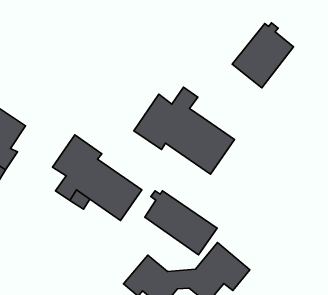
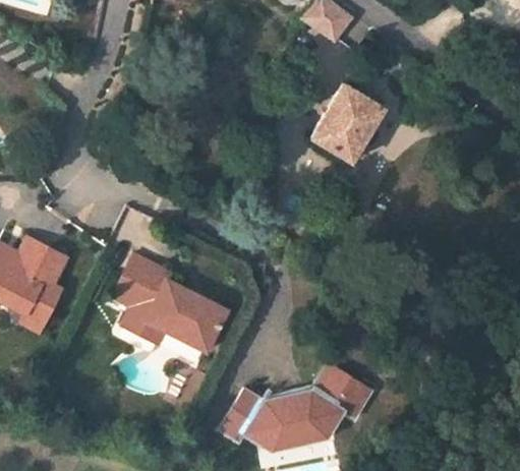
building: [134,87,235,174] -> none
building: [145,191,217,255] -> none

